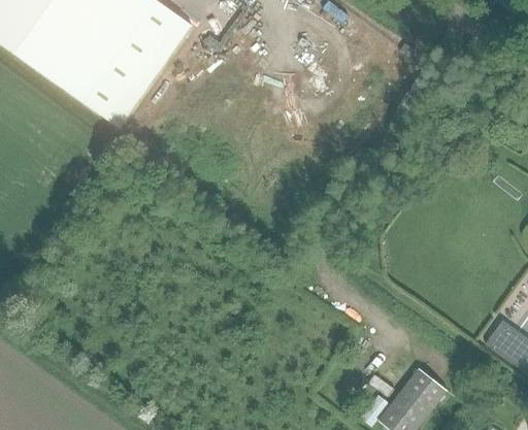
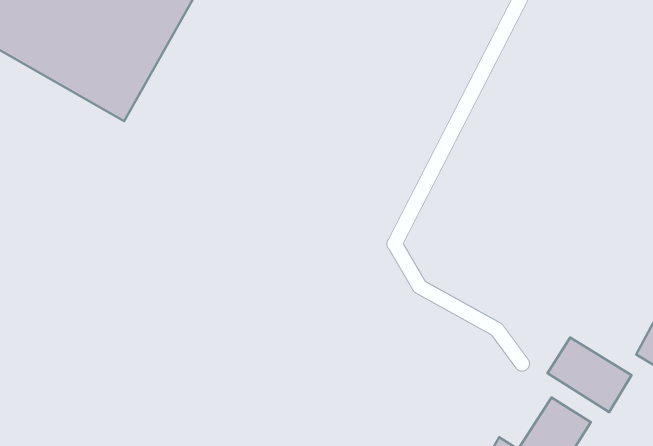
building: none -> [548,338,631,412]

